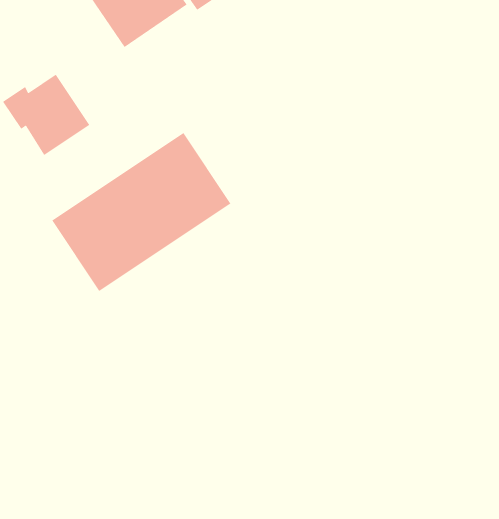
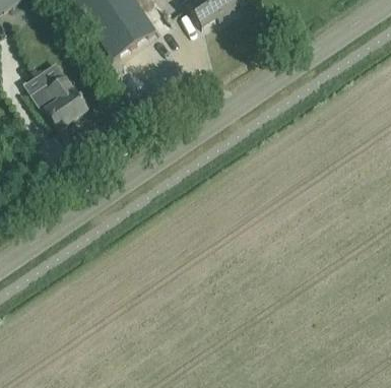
building: [51,132,231,292] -> none

